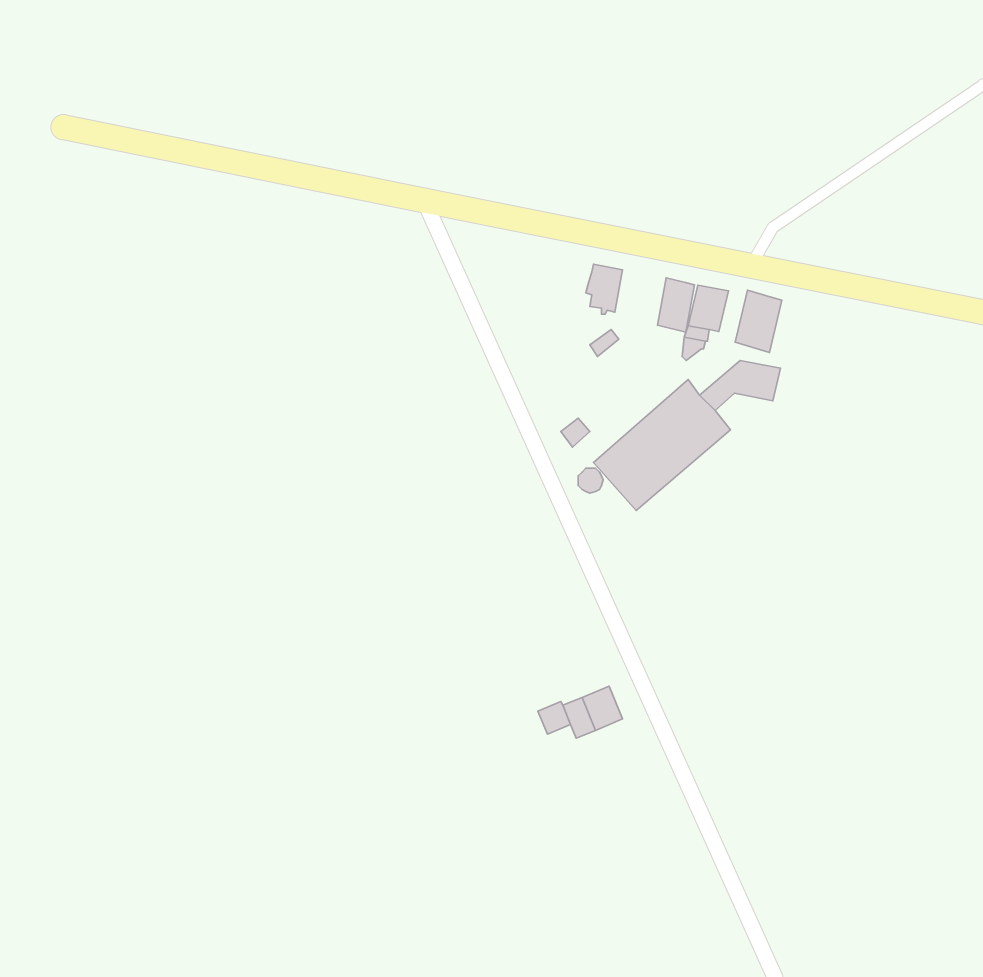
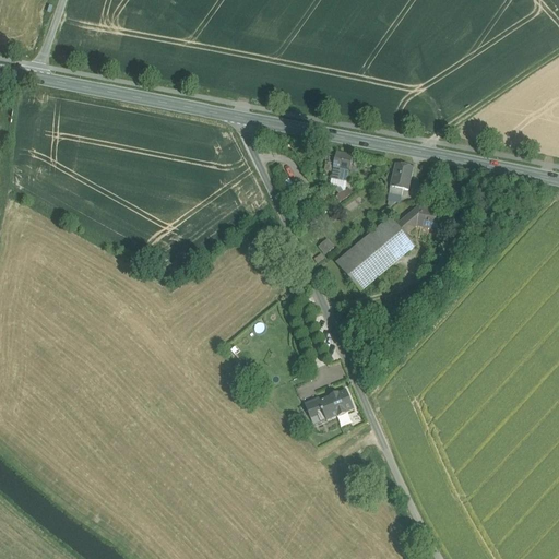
building: [658,278,695,332] -> none
building: [735,290,782,353] -> none

